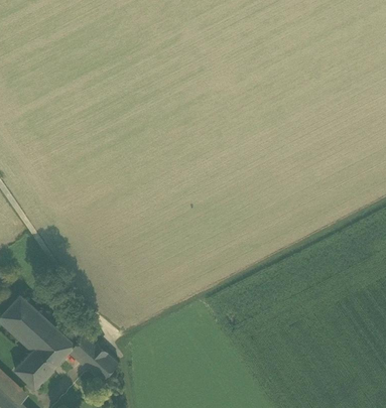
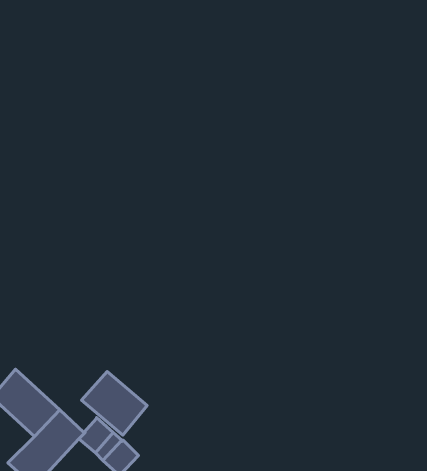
building: none -> [81,372,147,435]

